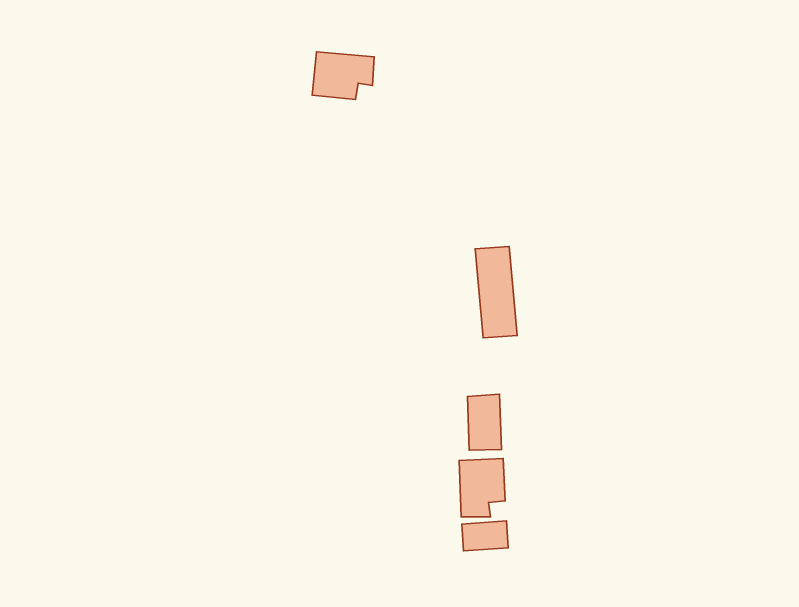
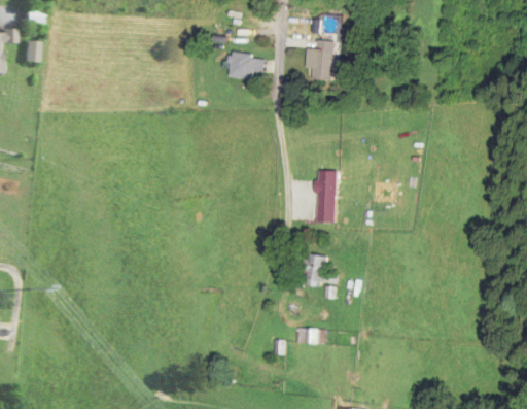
building: none -> [314,40,337,81]
building: [459,458,505,517] -> none

